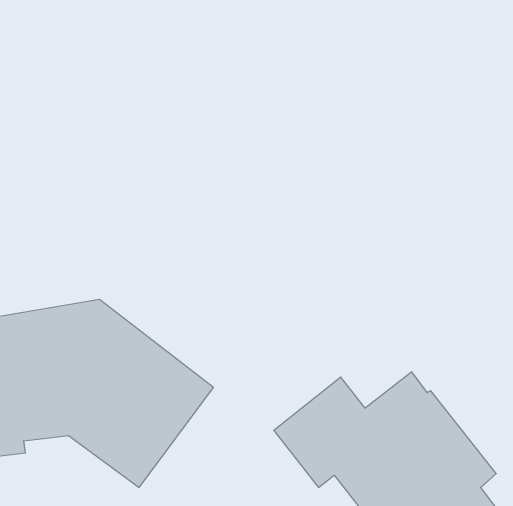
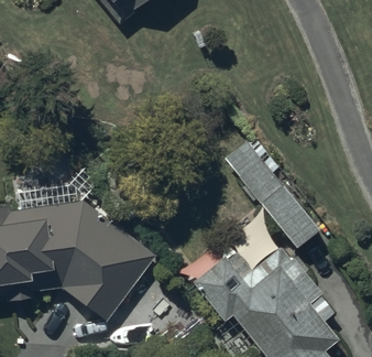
building: none -> [221,137,317,246]

